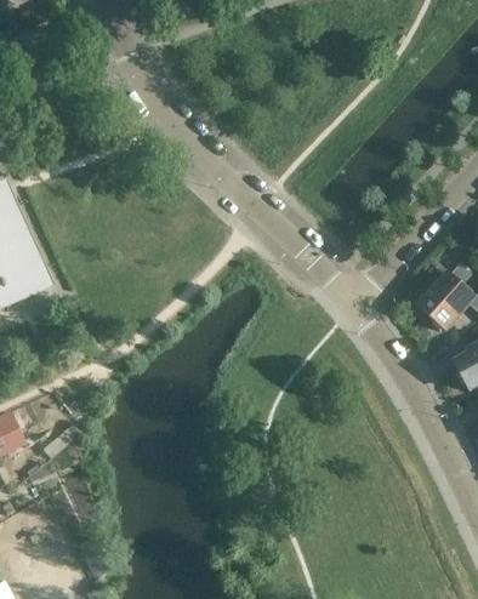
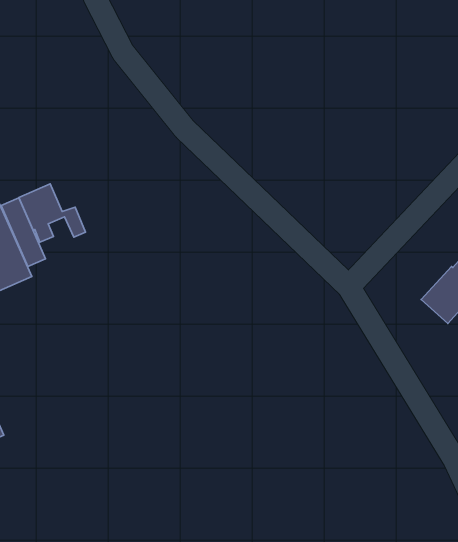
building: none -> [19,184,86,242]

